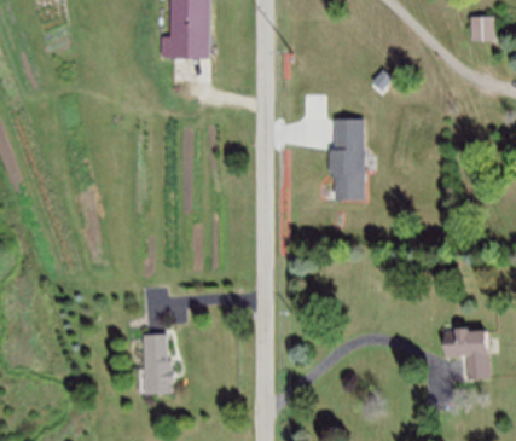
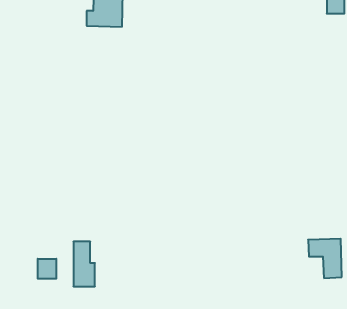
building: [327,118,364,198] -> none
building: none -> [38,259,56,279]

